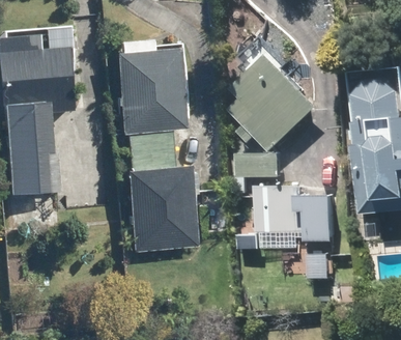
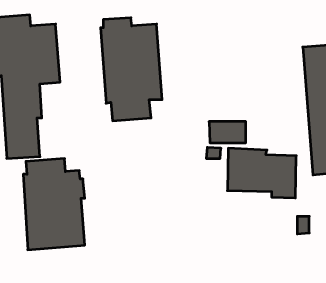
building: [235,53,323,150] -> none
building: [130,150,199,253] -> [23,159,85,250]

